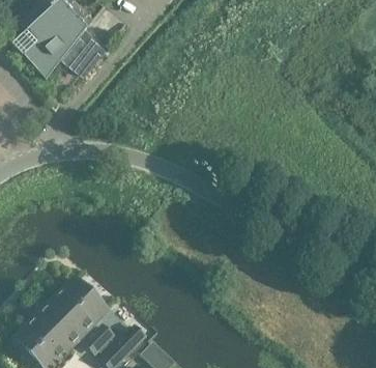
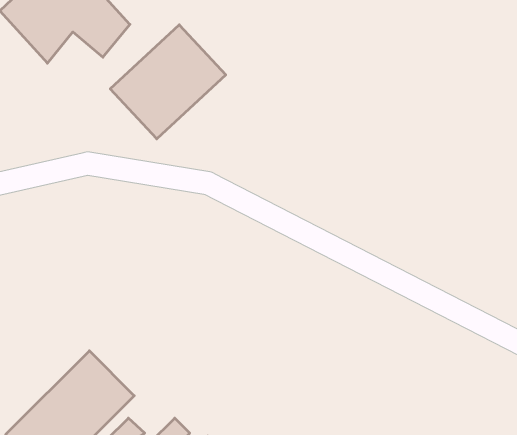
building: none -> [110,25,226,139]

